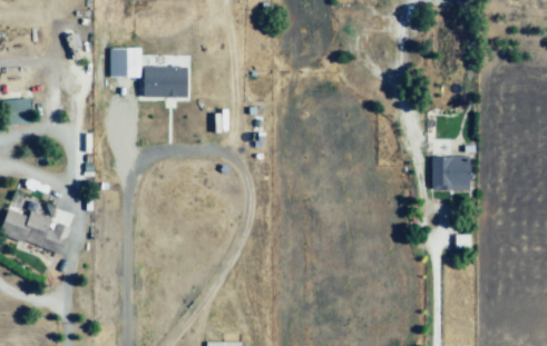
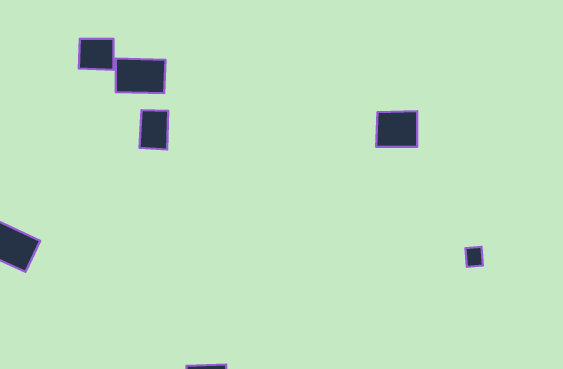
building: none -> [139,110,168,150]
building: [431,158,468,190] -> [376,111,417,147]

